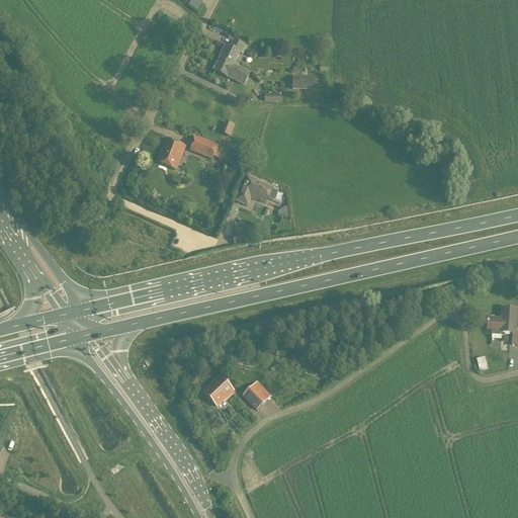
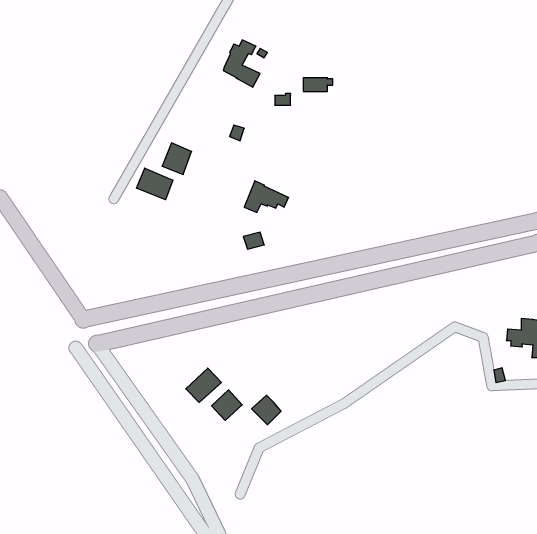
building: [190,135,224,158] -> none
building: none -> [137,168,173,200]
building: none -> [186,368,221,402]

